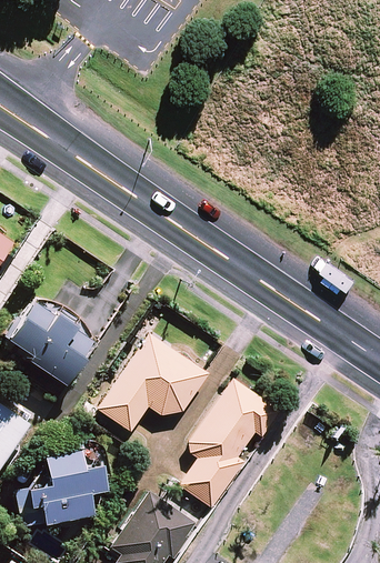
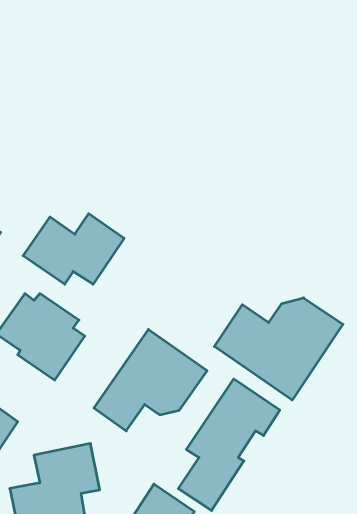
building: none -> [23,214,124,284]
building: none -> [214,298,343,400]

